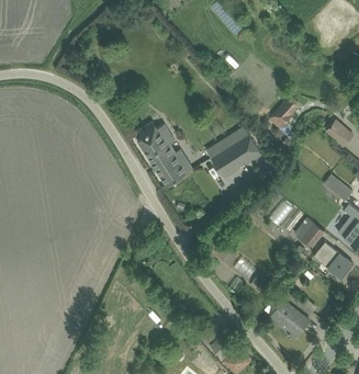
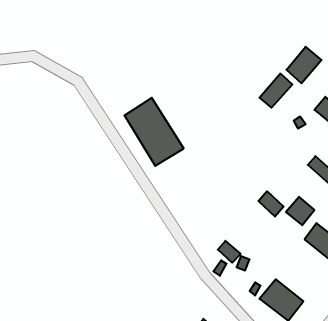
building: none -> [286,47,322,83]
building: [202,125,259,178] -> none

